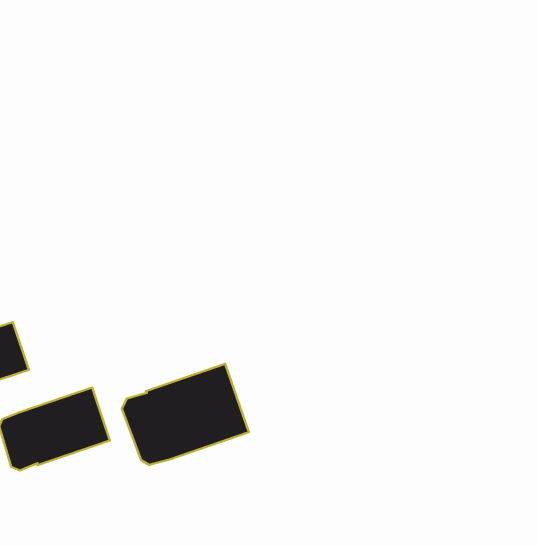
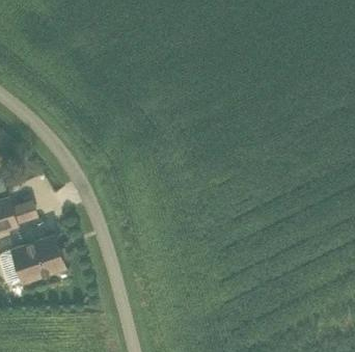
building: [122,364,249,465] -> none

